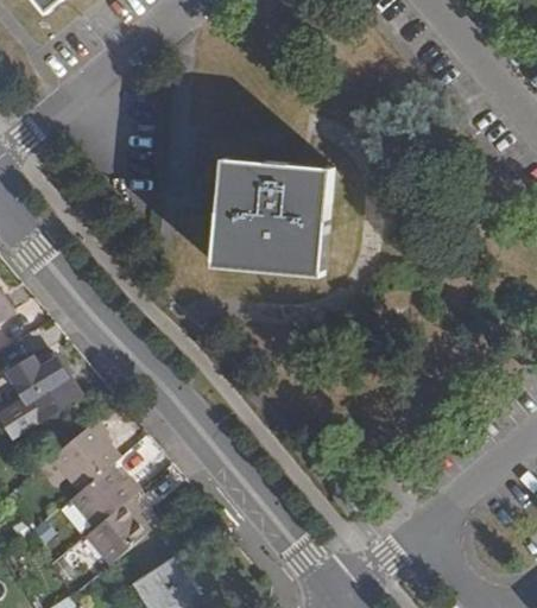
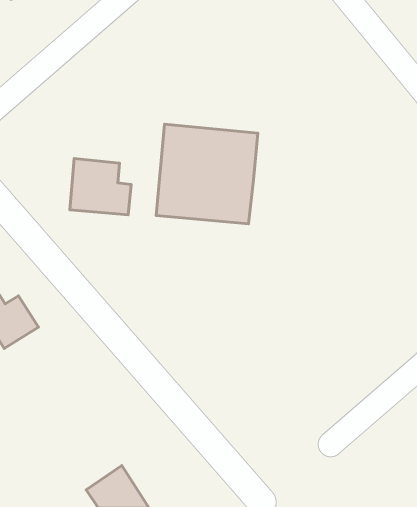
building: none -> [70,159,131,215]
building: [48,426,147,563] -> none

